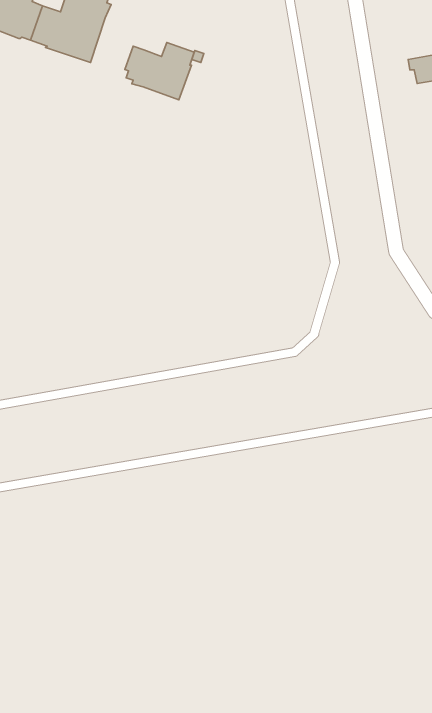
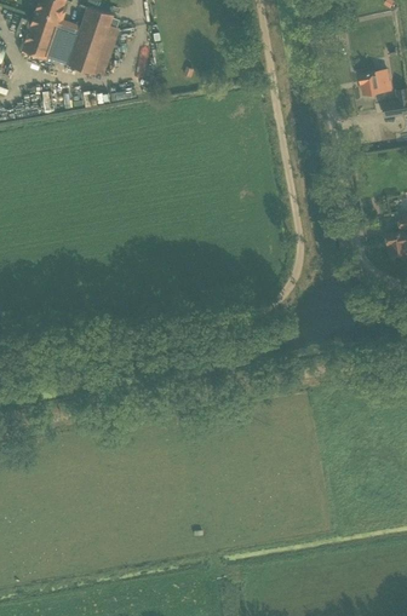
building: [125,43,194,100] -> none

